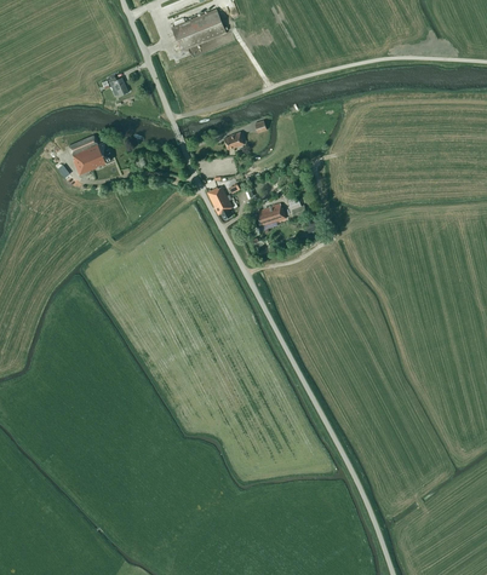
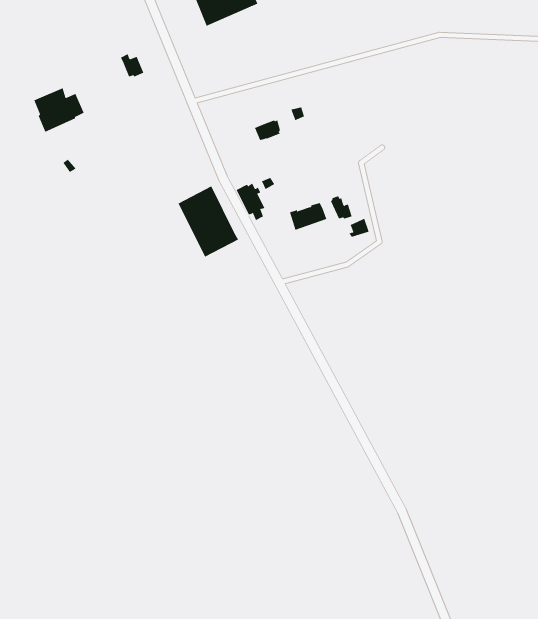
building: [69,137,113,176] -> [34,88,84,133]
building: none -> [178,185,239,258]

